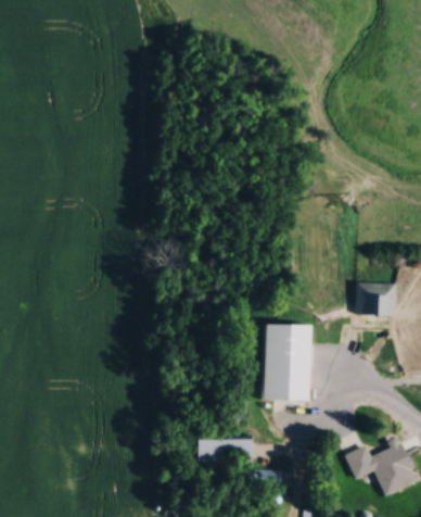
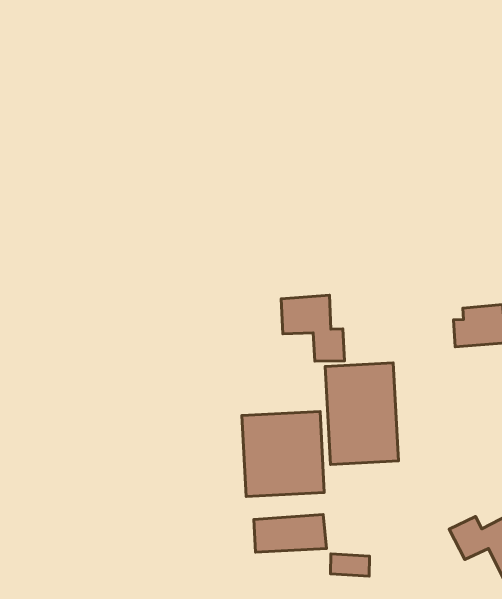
building: none -> [281,295,344,361]
building: none -> [242,411,324,497]

